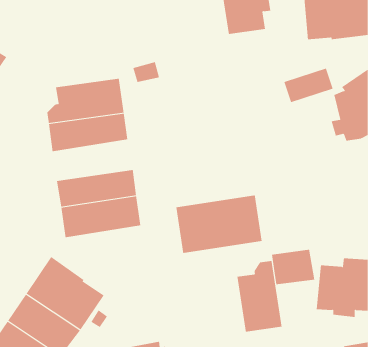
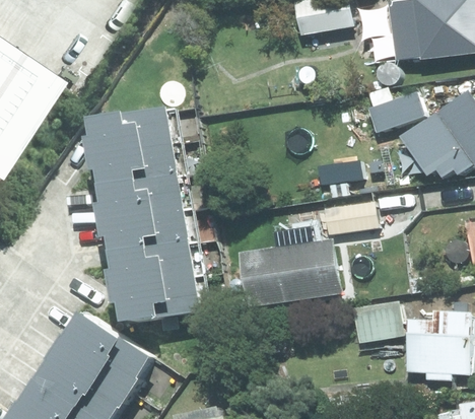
building: none -> [96,176,191,223]
building: none -> [321,202,375,237]
building: none -> [112,275,205,324]
building: [237,260,282,333] -> none

